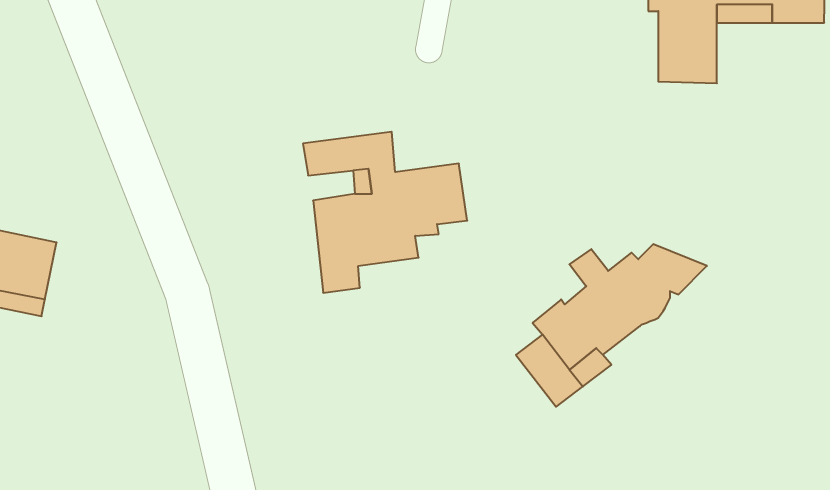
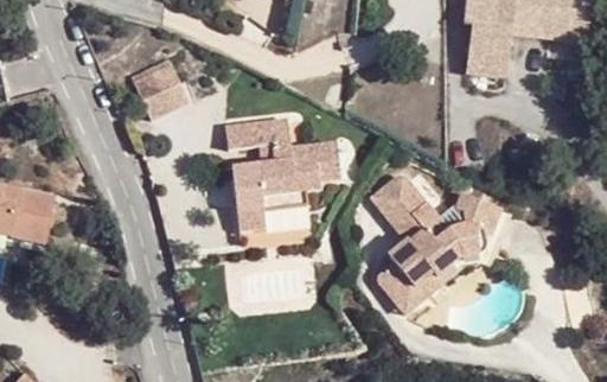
building: none -> [130,61,187,117]
building: none -> [373,168,428,238]

